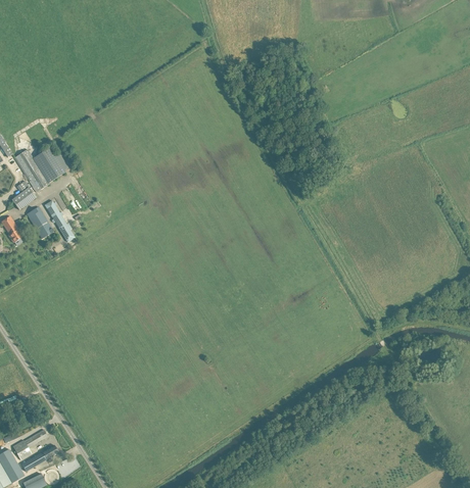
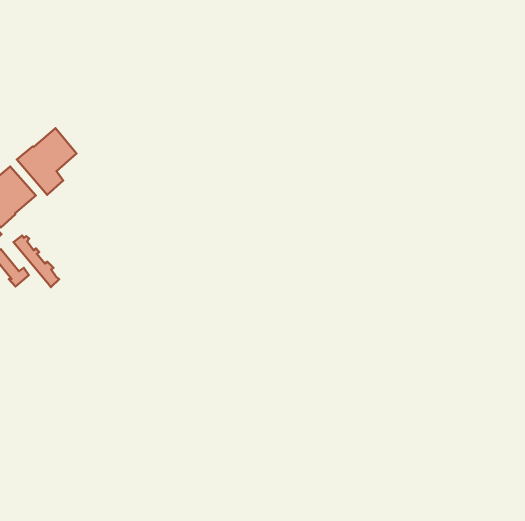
building: none -> [17,128,76,195]

